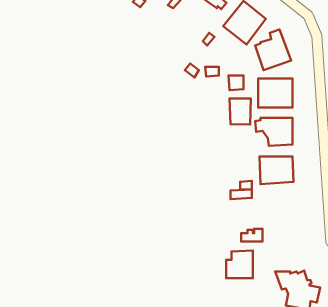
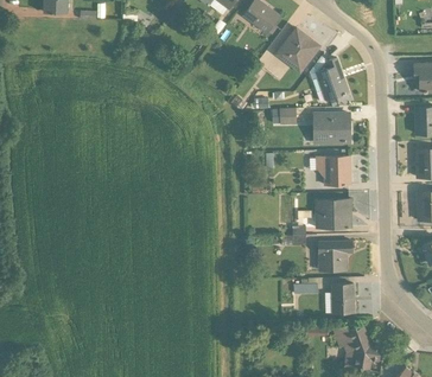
building: [230,98,251,124] -> none
building: none -> [317,239,352,270]
building: [226,250,253,278] -> [324,282,354,313]

